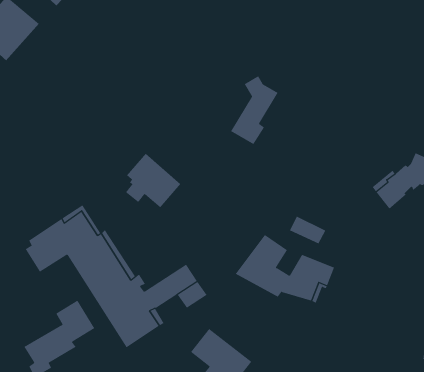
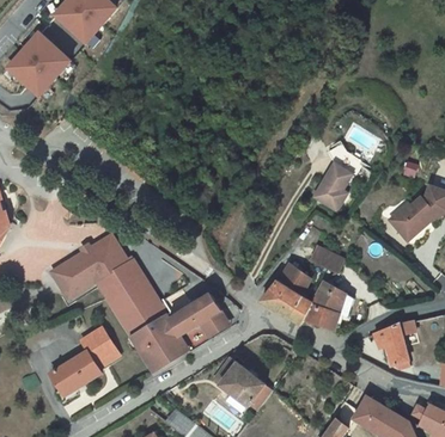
building: [230,75,278,145] -> [313,142,360,209]
building: [125,153,181,208] -> none
building: none -> [372,321,416,369]

